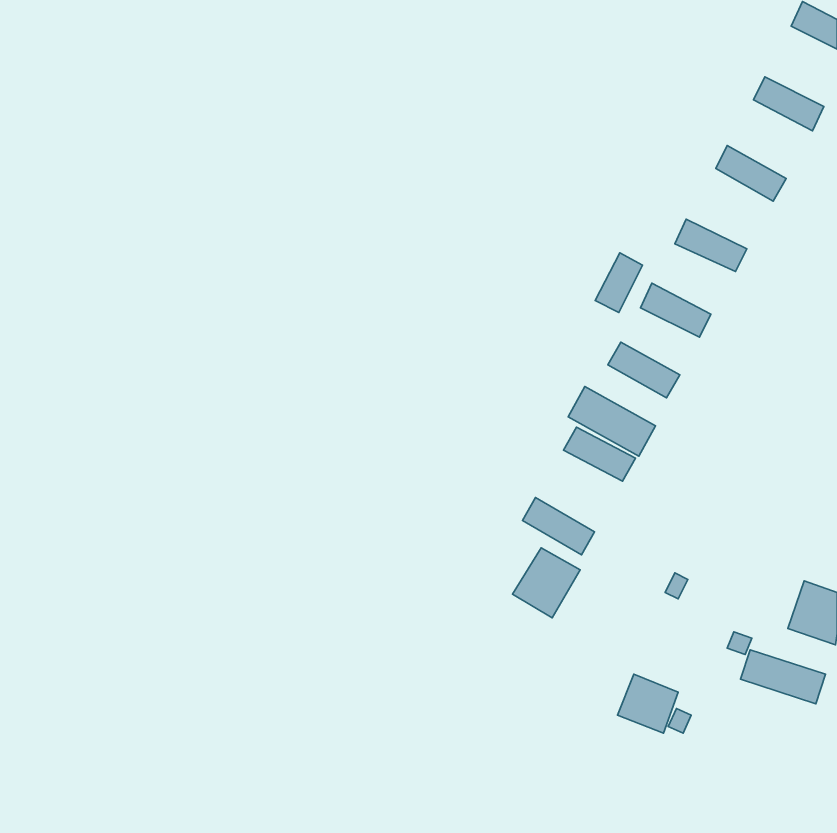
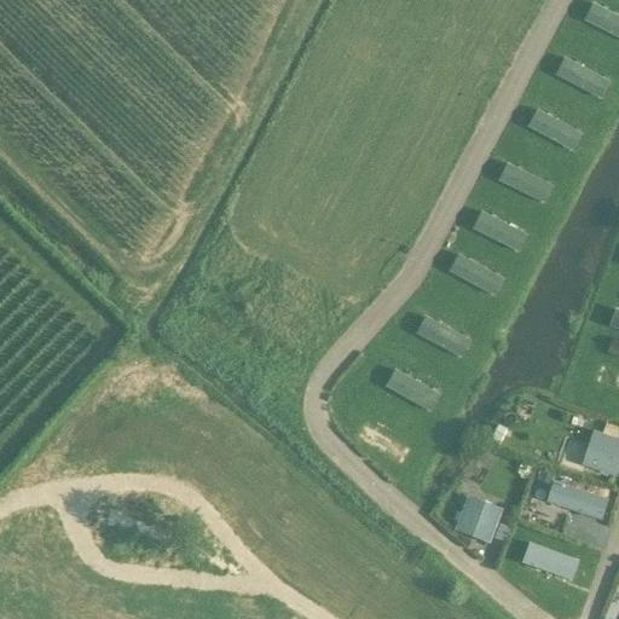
building: [595,253,642,312] -> none
building: [568,387,656,456] -> none
building: [512,548,580,618] -> none
building: none -> [523,542,578,579]

